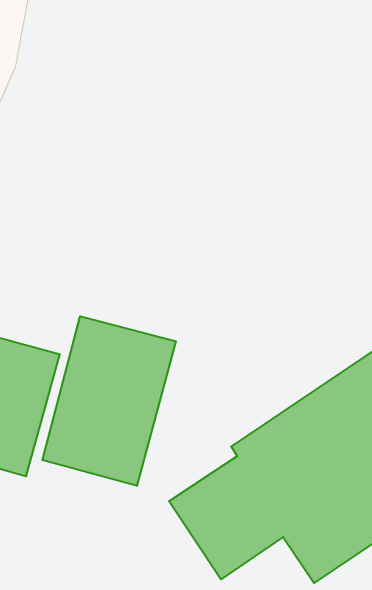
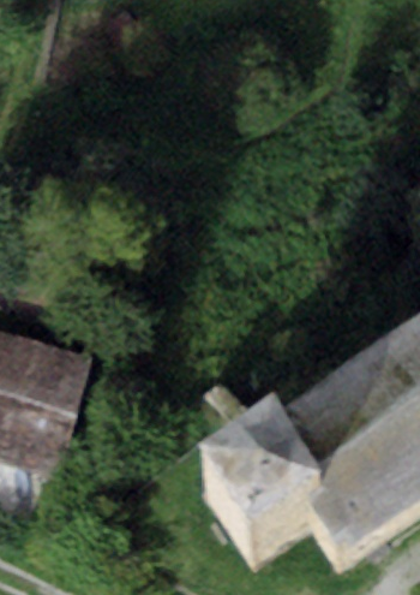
building: [42,316,176,486] -> none

